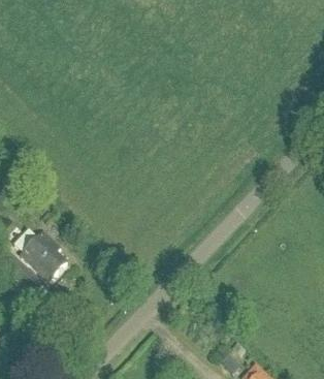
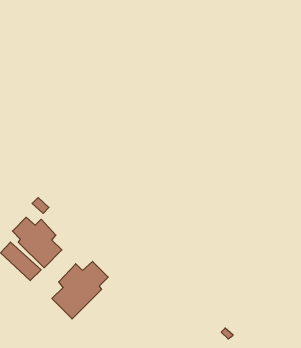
building: none -> [52,261,108,319]

